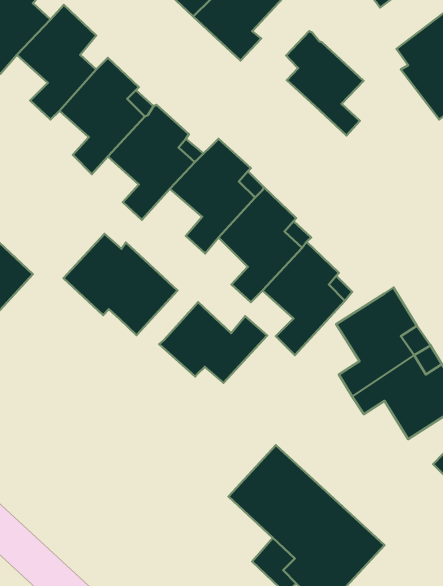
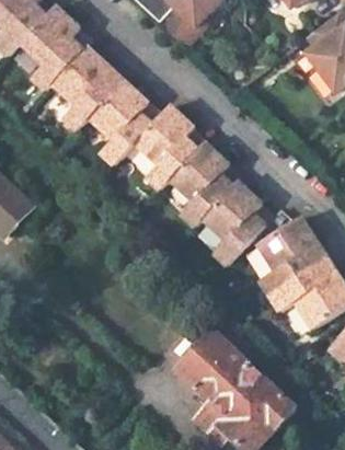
building: [286,31,364,135] -> none
building: [64,234,177,335] -> none
building: [159,302,267,383] -> none

